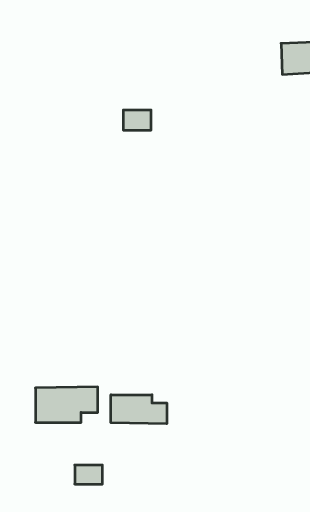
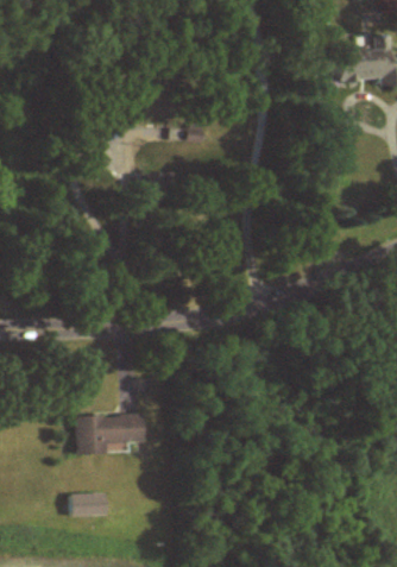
building: [111,395,167,424] -> none
building: [75,465,102,484] -> [73,494,102,515]

